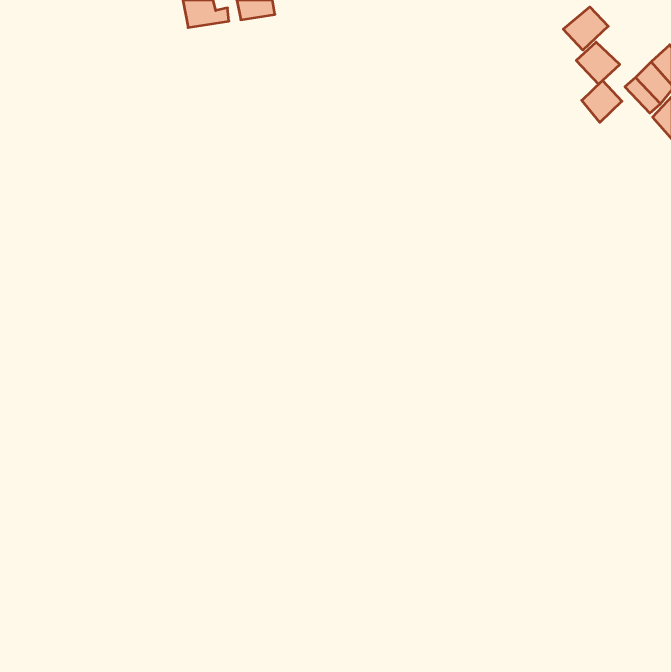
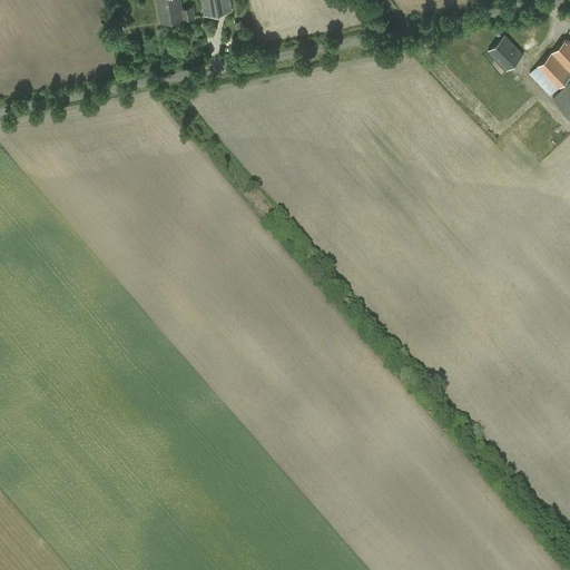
building: [563,7,608,50] -> none
building: [582,81,622,122] -> none

